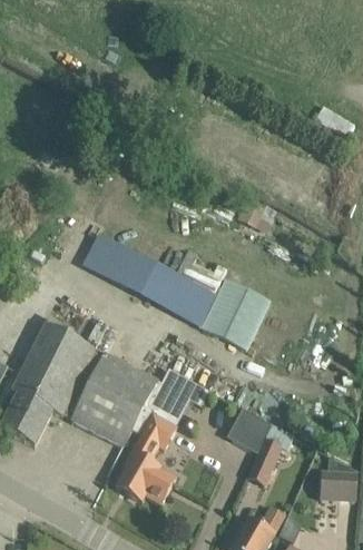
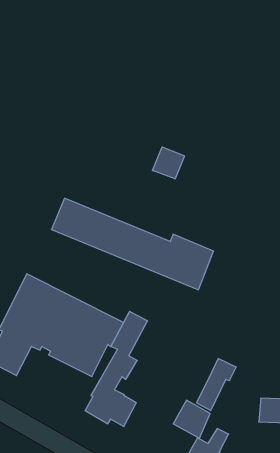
building: none -> [152,147,184,179]
building: [226,407,269,452] -> [173,400,210,438]

